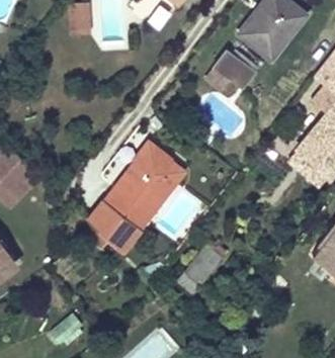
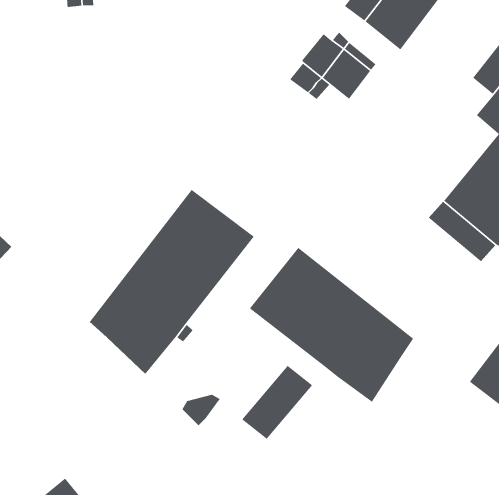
building: none -> [249,247,414,403]

